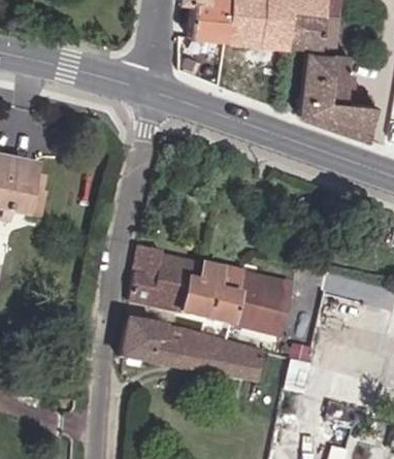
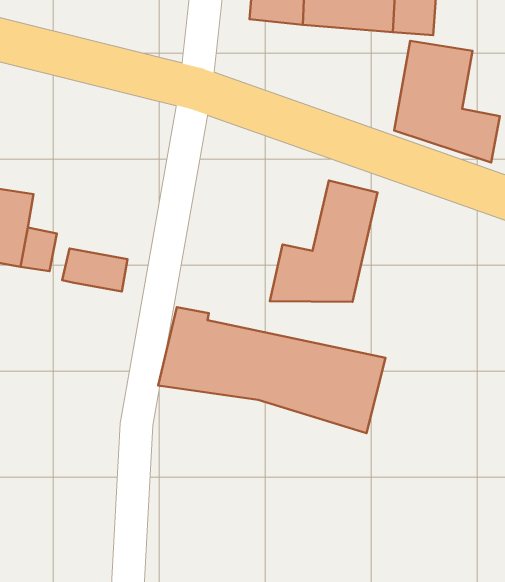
building: none -> [270,180,377,302]
building: none -> [62,248,127,291]
building: [121,315,263,376] -> none

